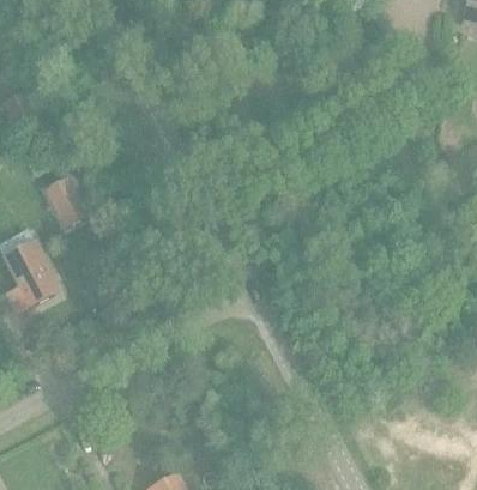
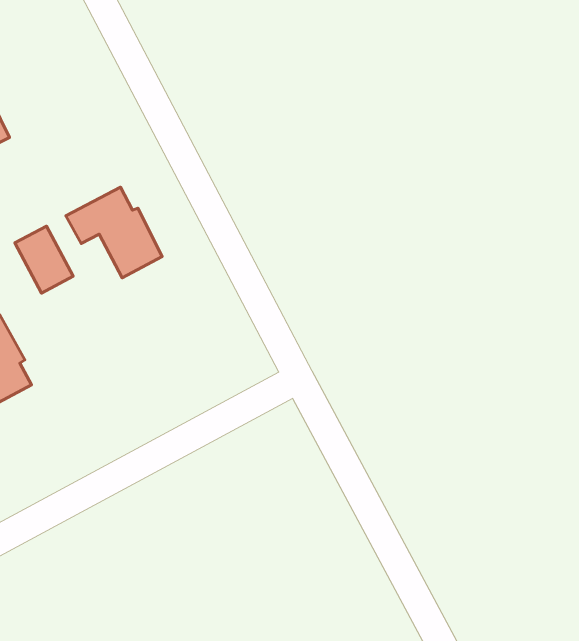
building: none -> [66,187,162,278]

